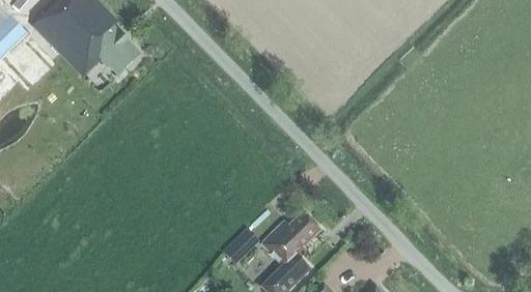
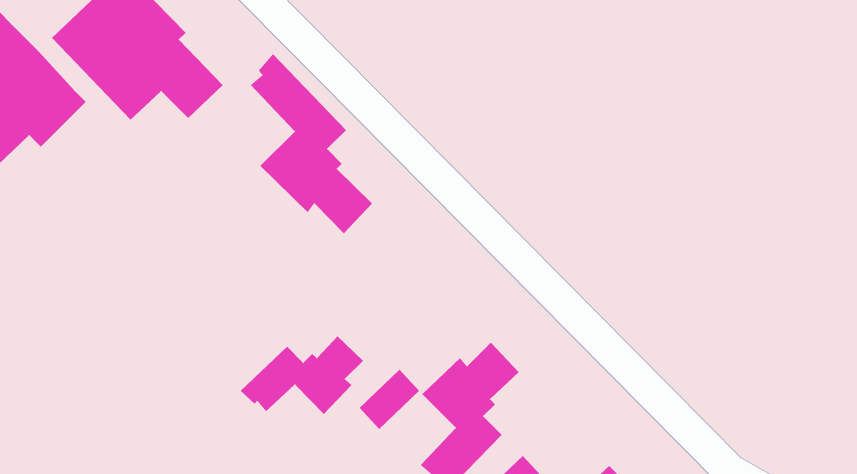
building: none -> [250,53,373,234]
building: none -> [240,336,364,415]

